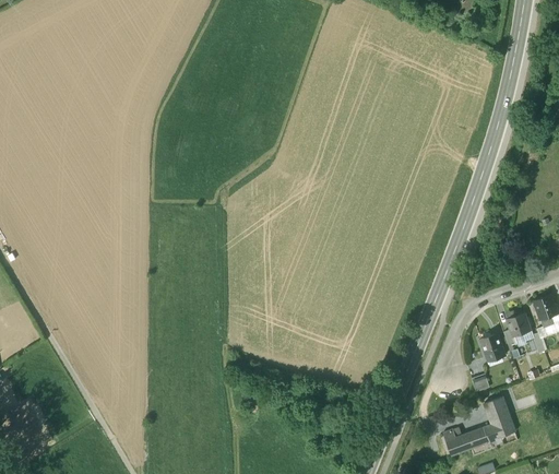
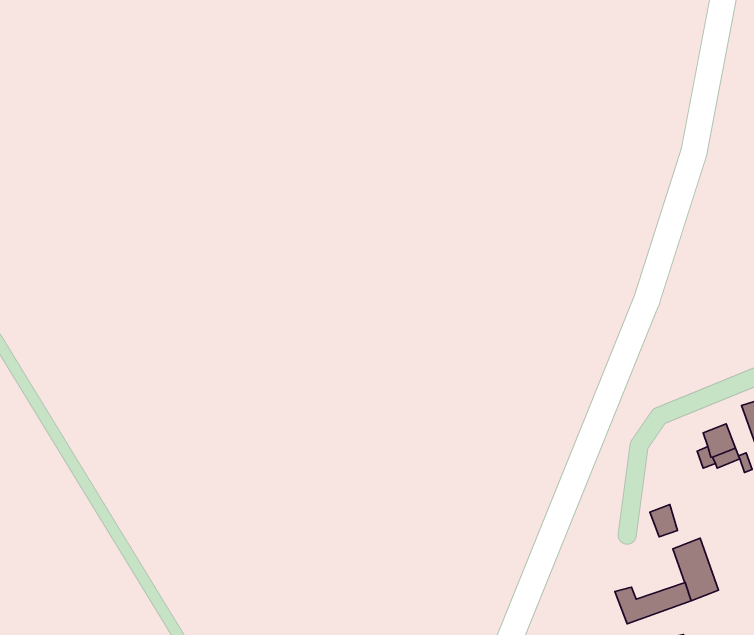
building: [479,335,504,366] -> none

